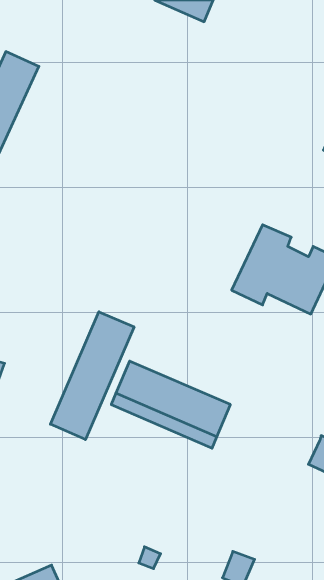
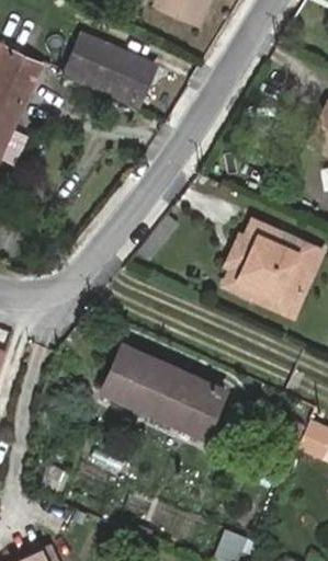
building: none -> [65,36,152,106]
building: [50,312,134,440] -> none

